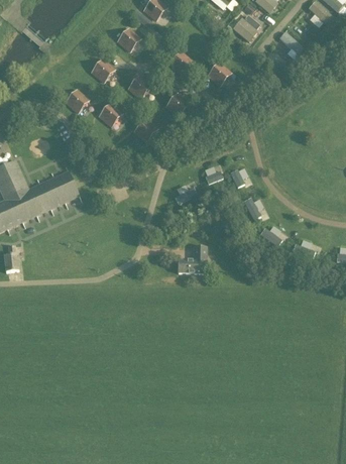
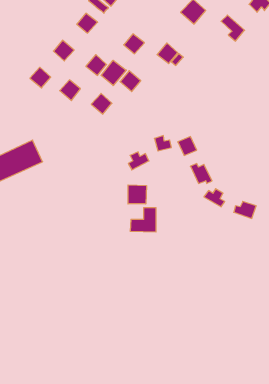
building: none -> [101,60,126,86]
building: none -> [128,185,146,204]

